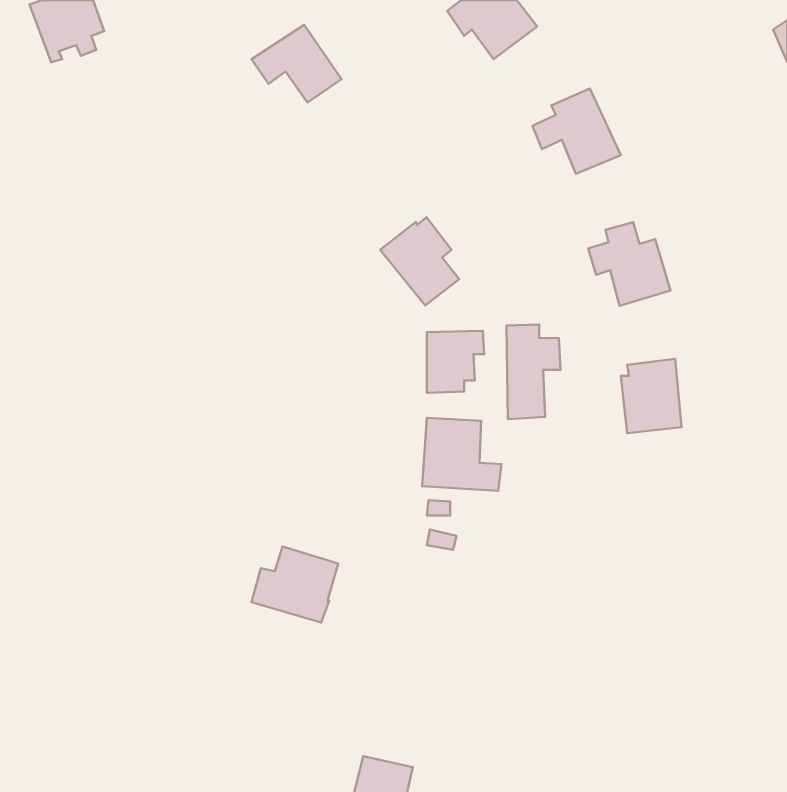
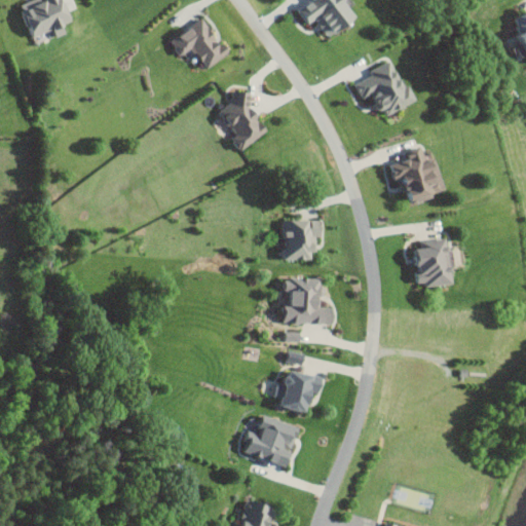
building: [380,217,459,306] -> [213,90,265,149]
building: [506,325,560,419] -> none
building: [251,546,338,622] -> [238,416,296,466]
building: none -> [272,372,316,414]

